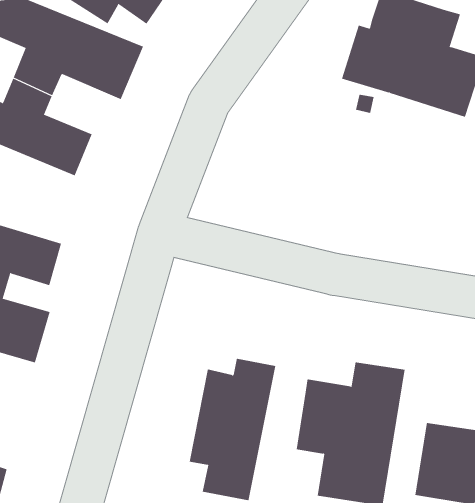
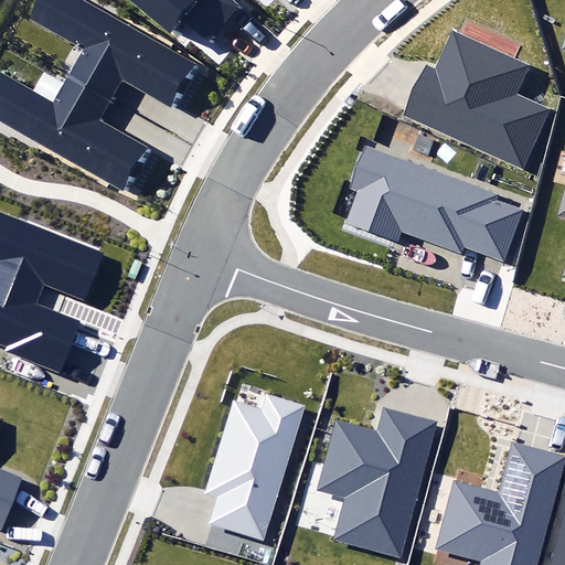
building: none -> [349,143,523,260]

